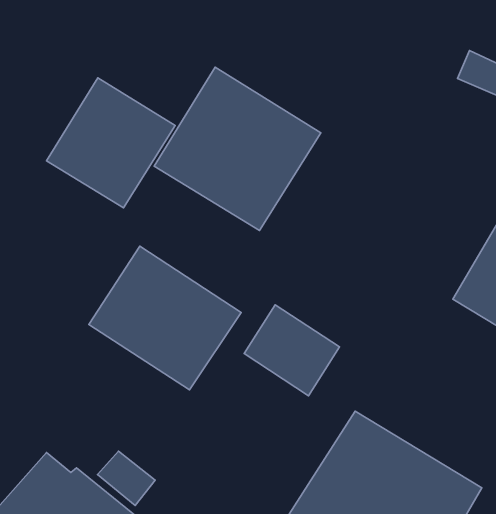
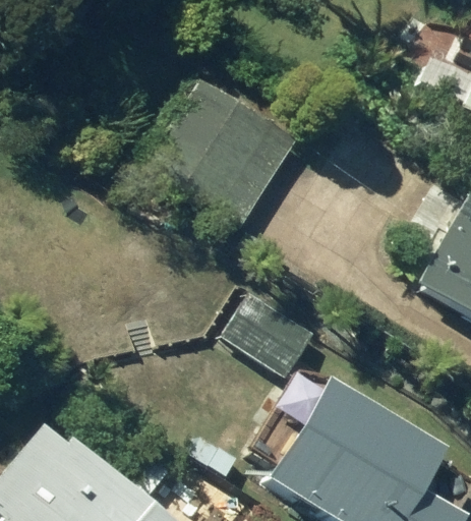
building: [46,78,175,208] -> none
building: [89,246,241,390] -> none

